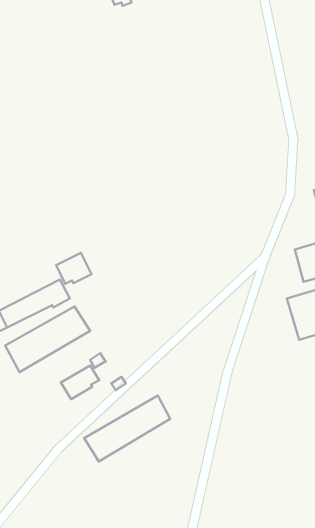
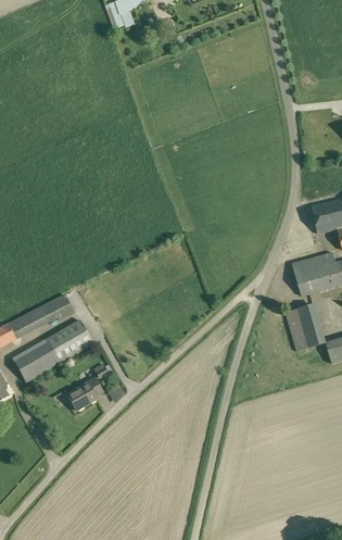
building: [56,253,91,284] -> none
building: [84,396,170,461] -> none

